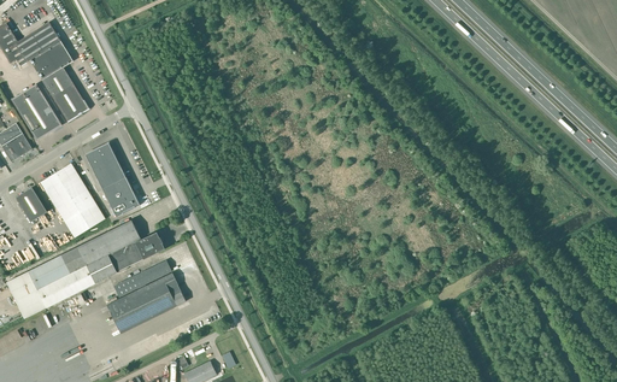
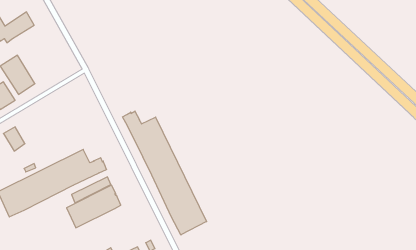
building: [28,40,88,121] -> none
building: [86,143,137,214] -> none
building: [40,163,105,237] -> none
building: none -> [123,111,207,235]

